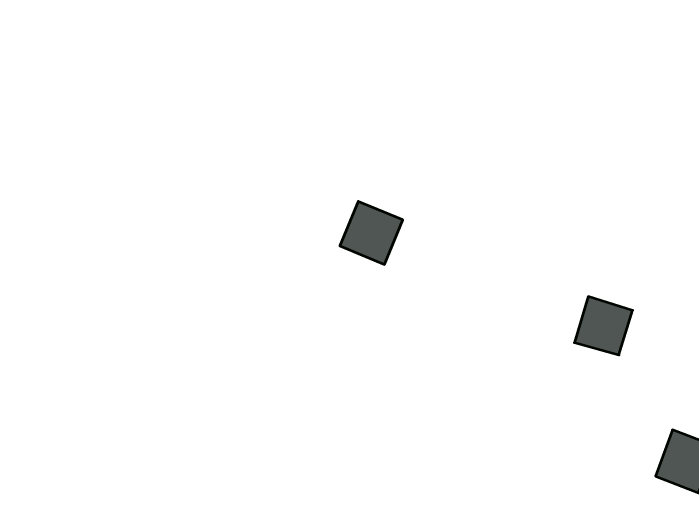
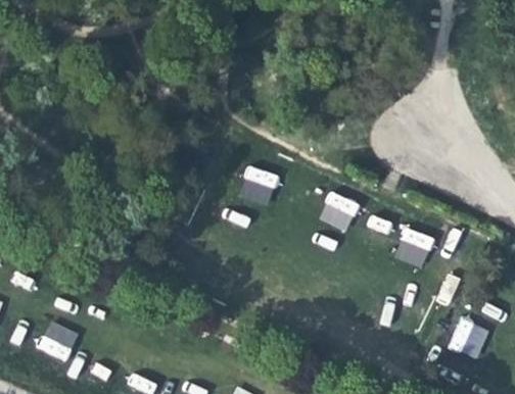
building: none -> [319,191,358,231]
building: none -> [38,322,77,360]

